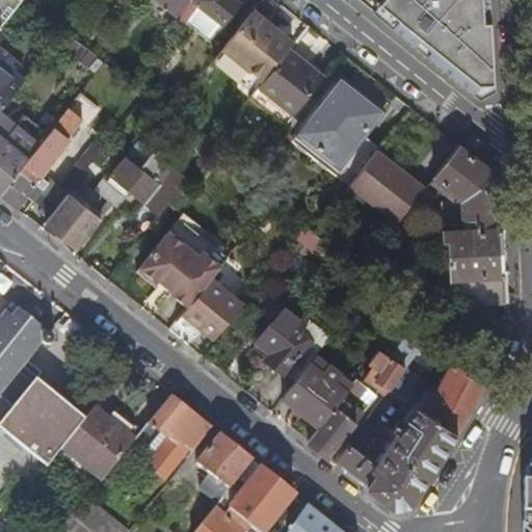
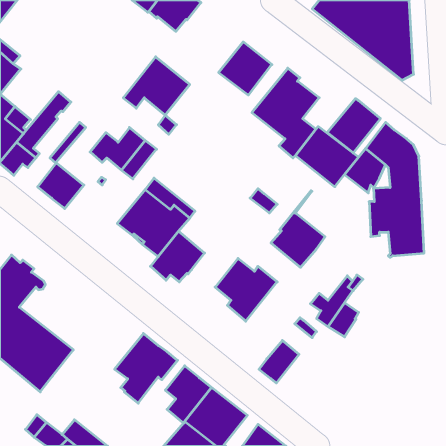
building: [214,10,293,80] -> [123,57,190,115]
building: none -> [327,99,380,153]
building: [282,336,346,427] -> [271,191,325,267]
building: [334,360,489,509] -> none
building: [62,407,135,481] -> none

